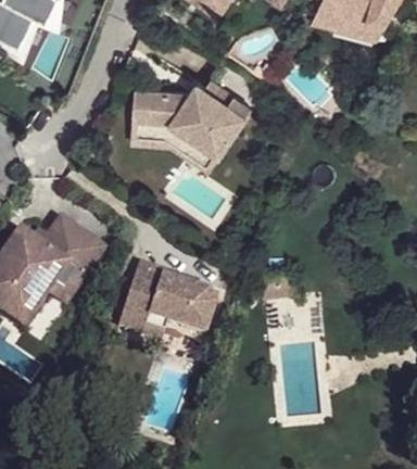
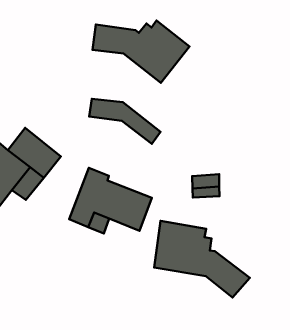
building: [134,117,222,168] -> [89,99,160,144]
building: none -> [154,221,250,298]

